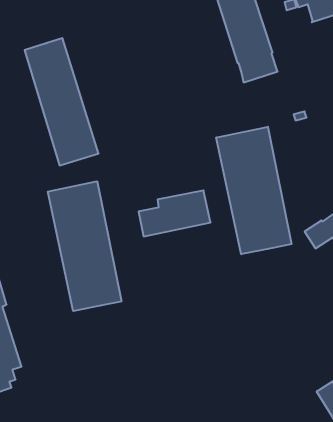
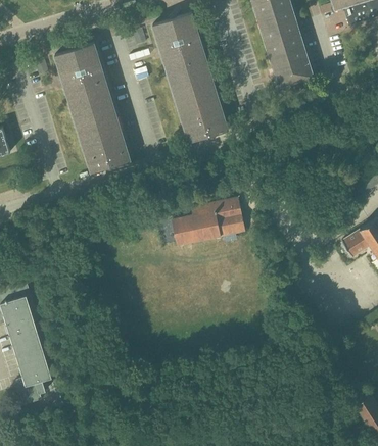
building: none -> [151,12,228,142]
building: [216,127,292,254] -> none
building: [48,181,121,311] -> none

